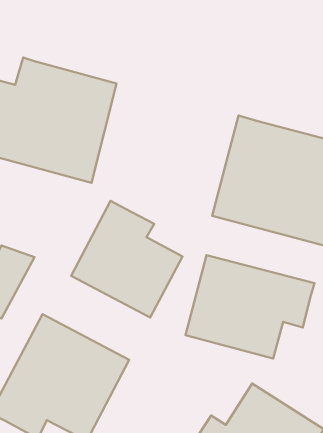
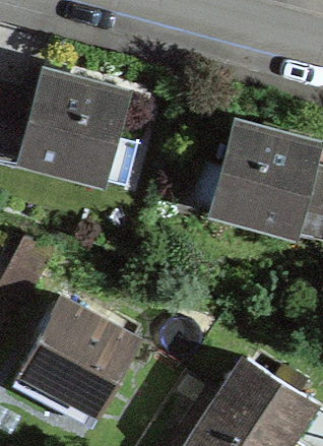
building: [71,201,183,317] -> none
building: [185,255,314,359] -> none

